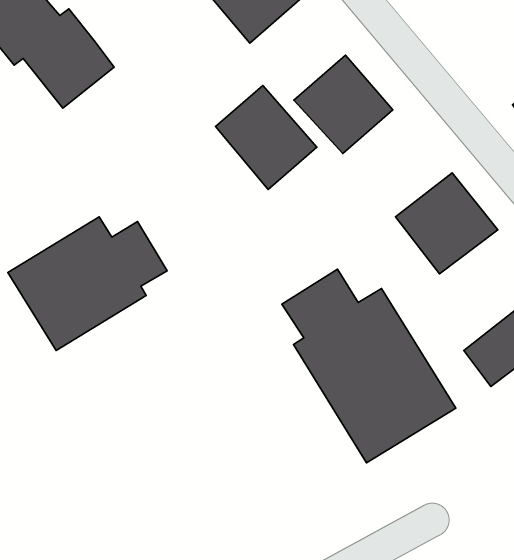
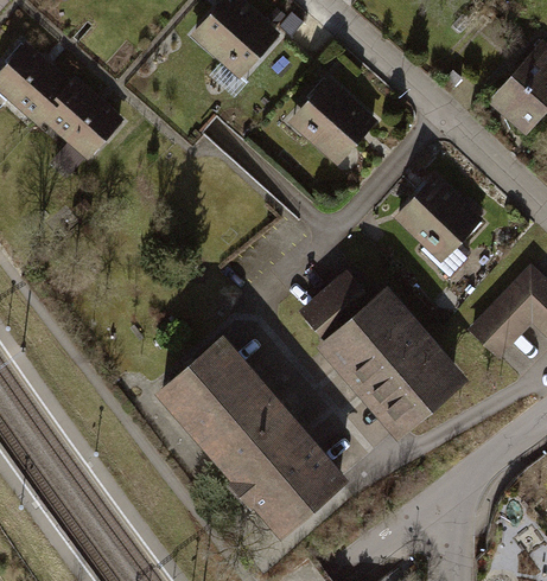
building: [215,85,317,190] -> none
building: [8,217,167,350] -> none
building: none -> [151,331,346,540]

